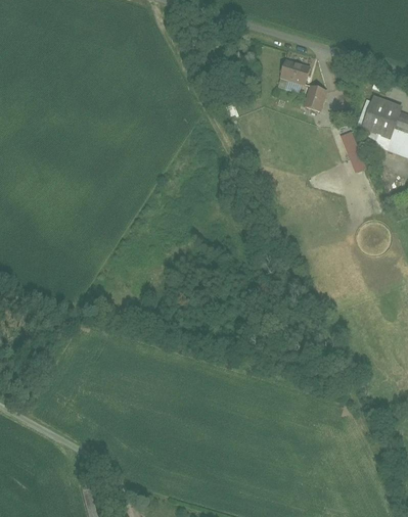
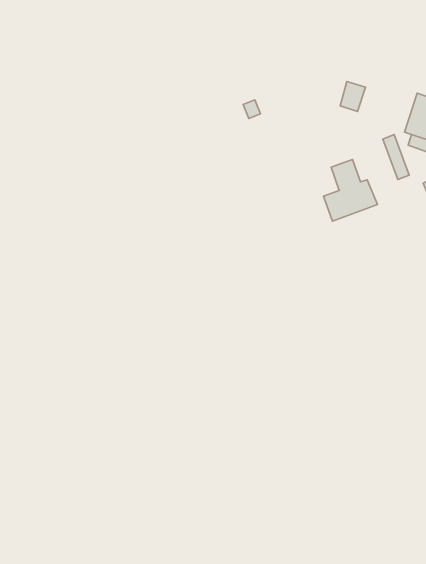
building: [280,59,308,83] -> none
building: none -> [324,160,377,221]

